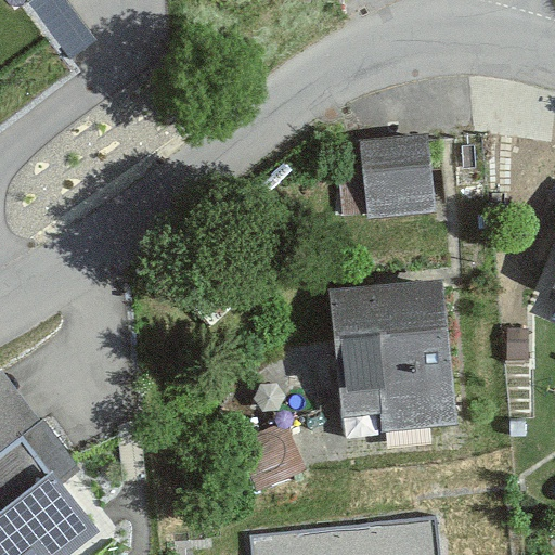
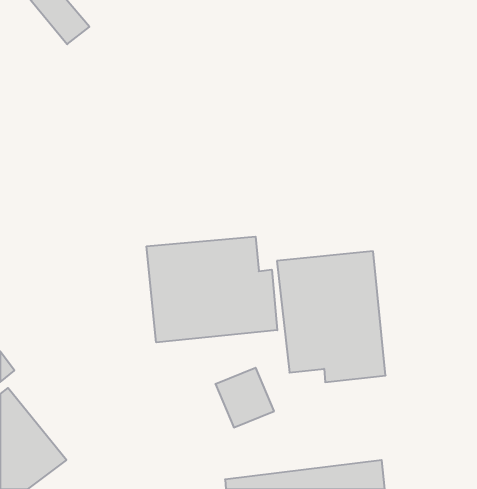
building: [362,137,430,223] -> none
building: none -> [147,237,277,342]

